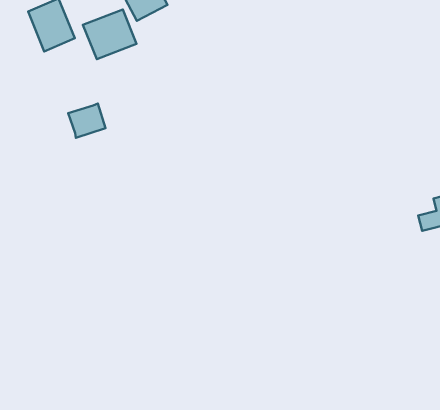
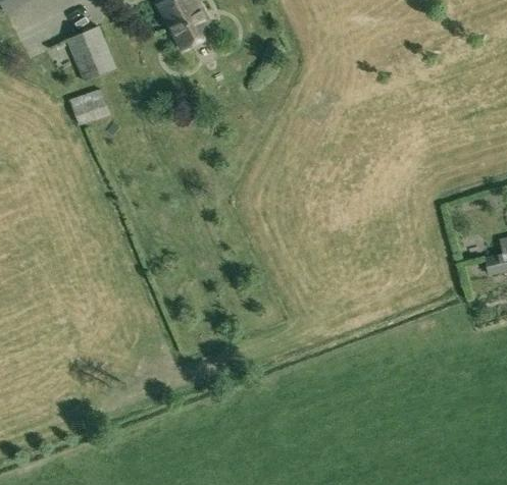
building: [83,10,137,59] -> none
building: [68,103,106,138] -> [68,88,108,124]

